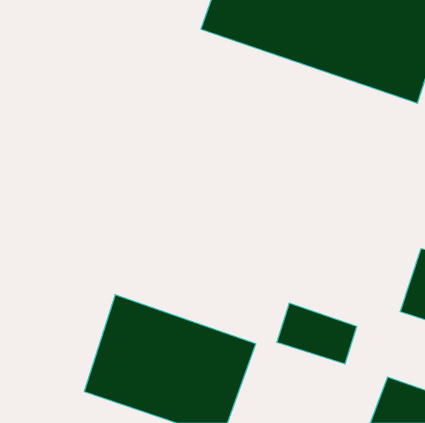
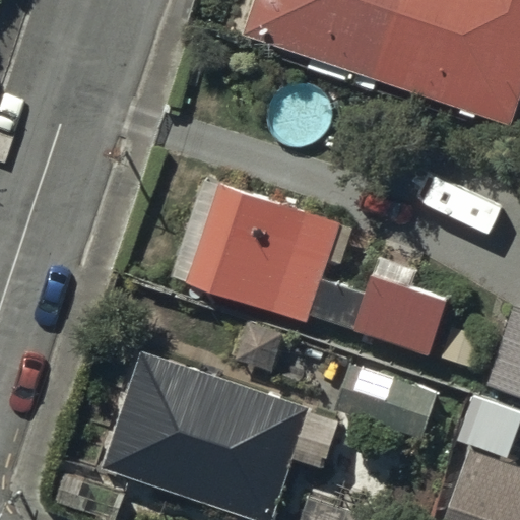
building: none -> [173,171,443,347]

